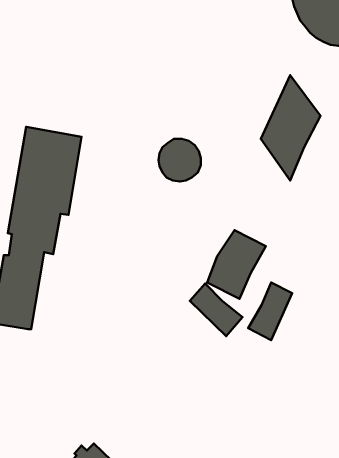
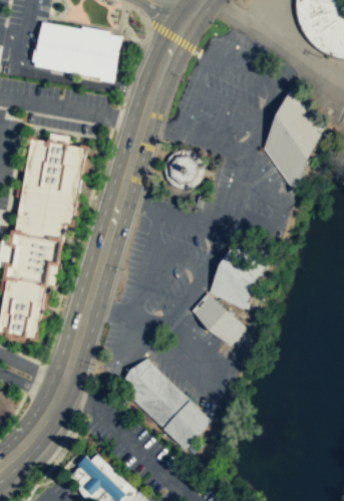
building: none -> [34,21,122,82]
building: [248,283,292,340] -> none
building: none -> [120,358,212,449]

